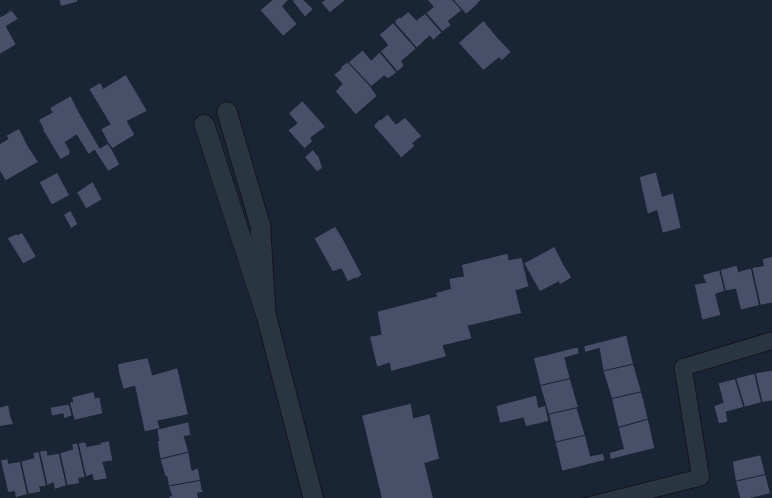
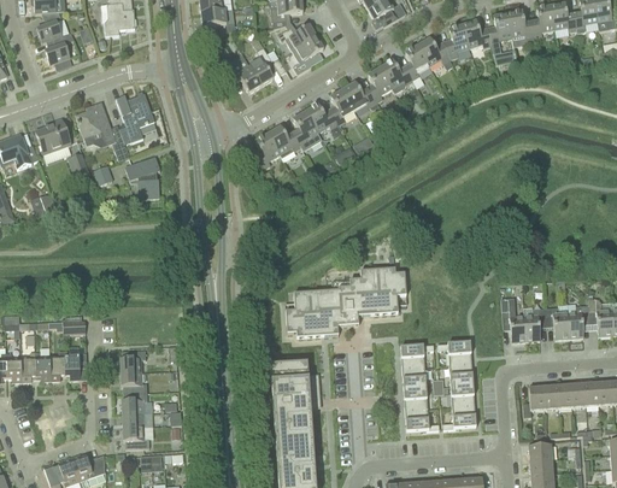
building: none -> [224,59,262,92]
building: [458,20,511,71] -> none
building: [373,113,422,158] -> [268,125,301,159]
building: none -> [125,155,160,198]
building: [639,172,682,233] -> [501,296,525,341]
building: [314,226,362,282] -> none
building: [524,246,572,292] -> none
building: [117,357,188,432] -> none
building: [496,395,549,427] -> none

